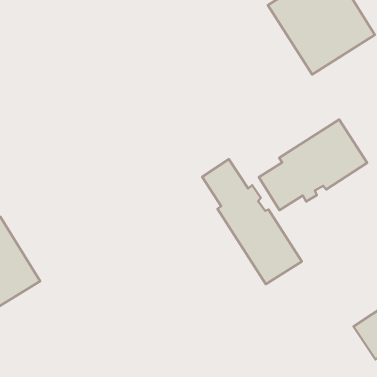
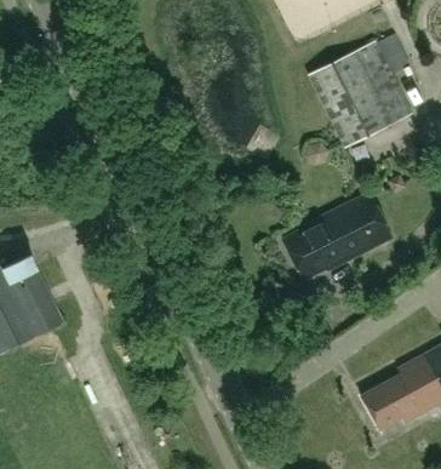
building: [202,159,302,284] -> none

